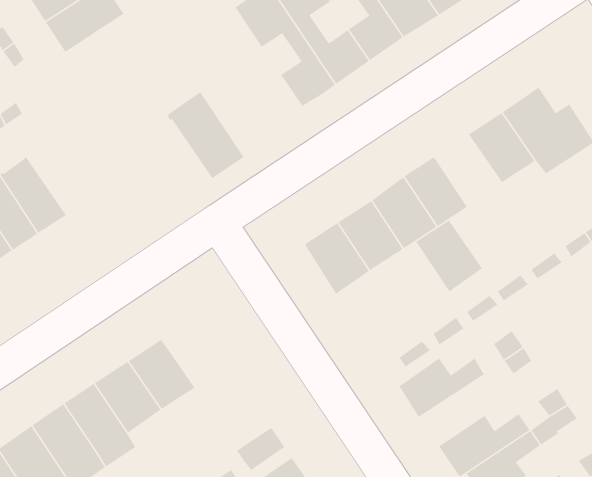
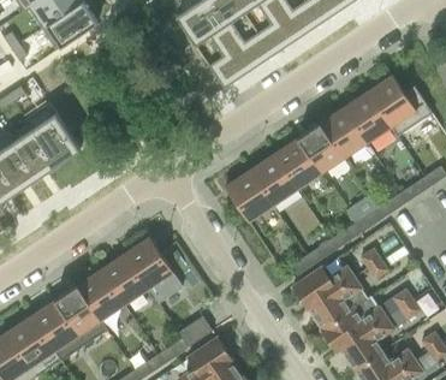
building: [167,91,244,179] -> [24,102,79,165]
building: [415,220,483,292] -> [317,107,365,159]
building: none -> [124,236,182,303]
building: none -> [308,278,361,328]

